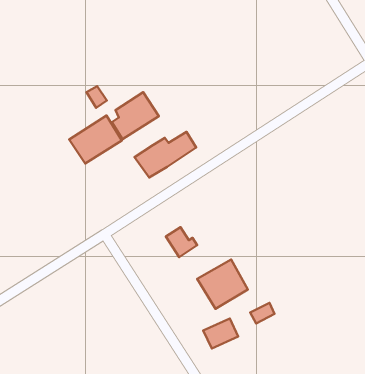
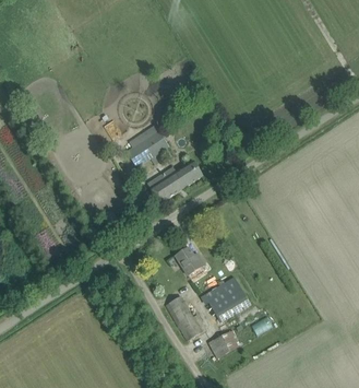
building: [69,115,122,164] -> none
building: none -> [166,294,206,339]

